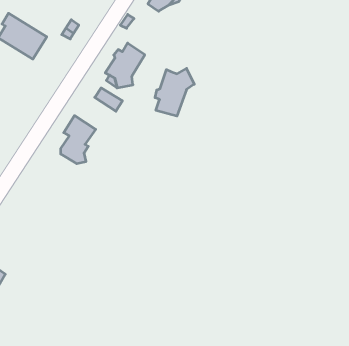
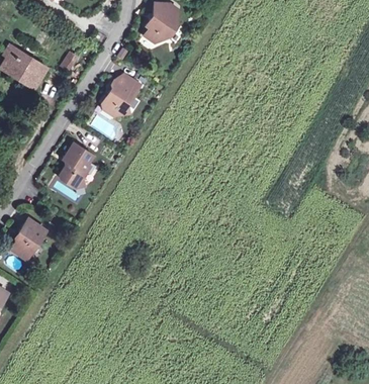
building: [155,68,194,116] -> none
building: none -> [11,218,47,260]

